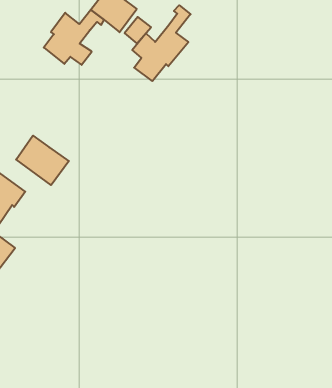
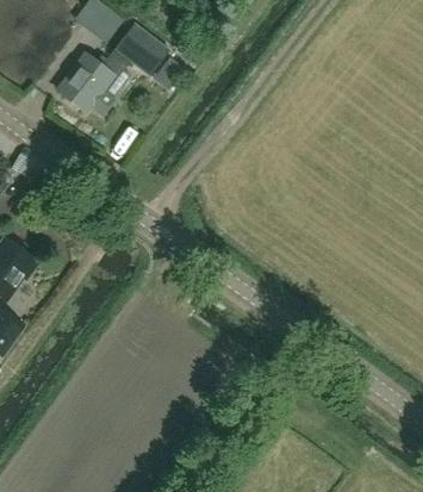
building: [132,5,191,81] -> none
building: [16,136,69,185] -> none

